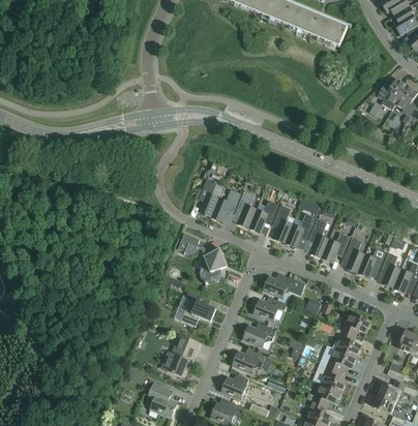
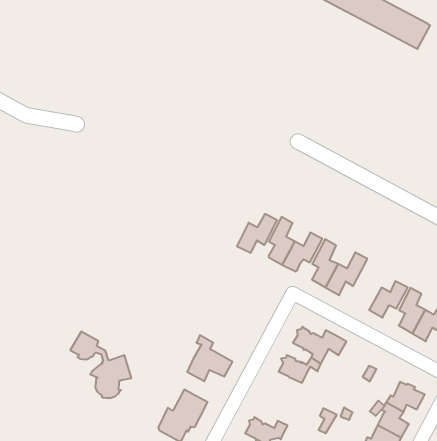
building: [198,178,218,216] -> none
building: [308,217,329,256] -> none
building: [177,232,228,282] -> [70,332,131,398]
building: [243,325,276,348] -> none

